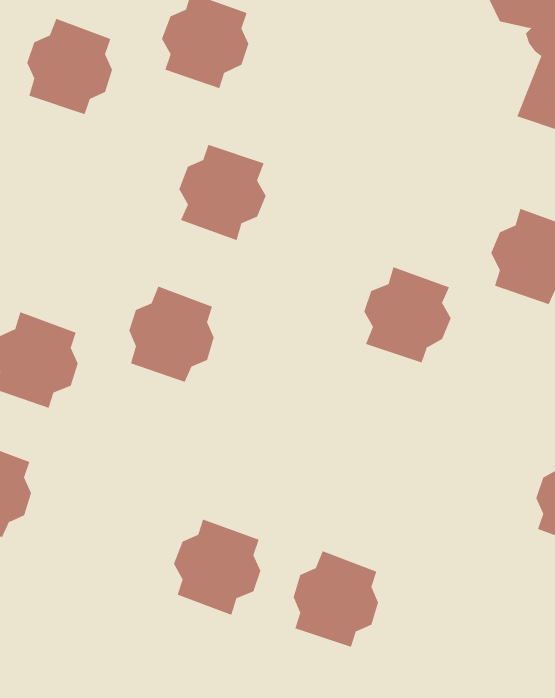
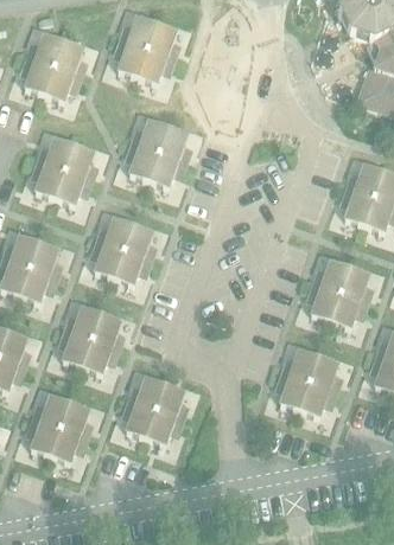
building: none -> [33,136,94,203]
building: [364,267,452,363] -> [309,258,369,325]
building: none -> [61,304,120,371]
building: none -> [28,393,89,460]
building: [293,551,379,647] -> [278,347,337,413]

